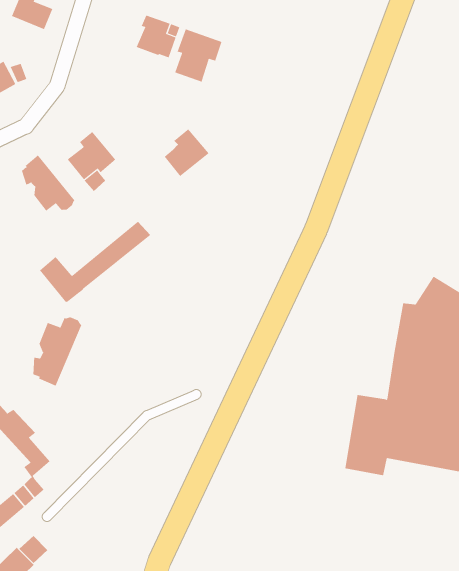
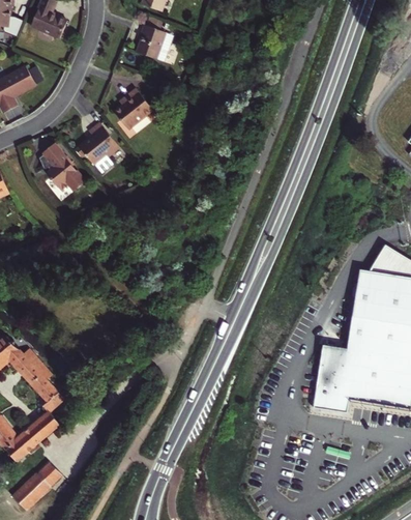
building: [175,29,222,83] -> none
building: [164,128,209,177] -> [114,88,152,128]
building: [39,221,151,303] -> none
building: [33,316,82,387] -> none

